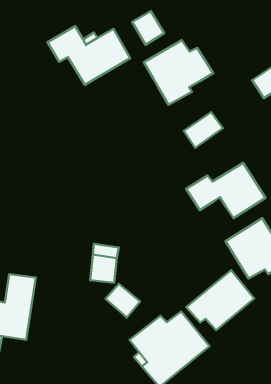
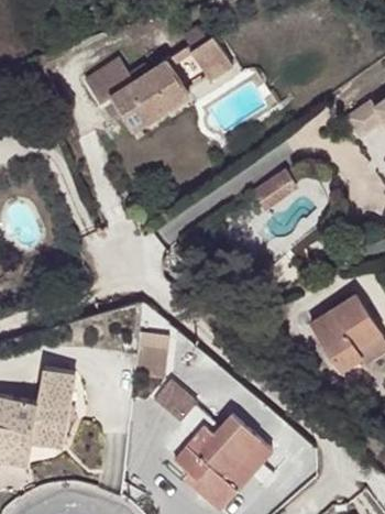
building: [144,40,213,105] -> none
building: [186,163,265,218] -> none
building: [186,270,254,330] -> none

